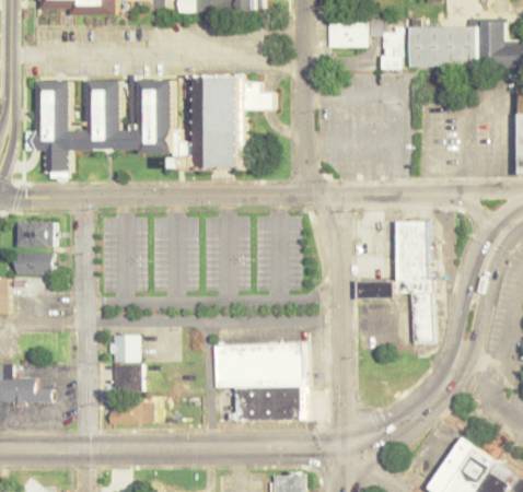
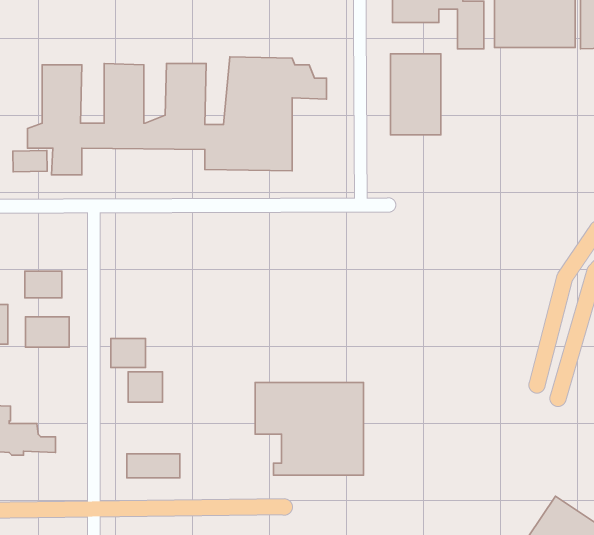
building: none -> [390,54,441,135]
building: none -> [13,151,47,172]
building: [352,221,430,343] -> none
building: [20,222,56,247] -> [26,317,69,347]
building: [112,364,140,388] -> [111,338,145,367]

